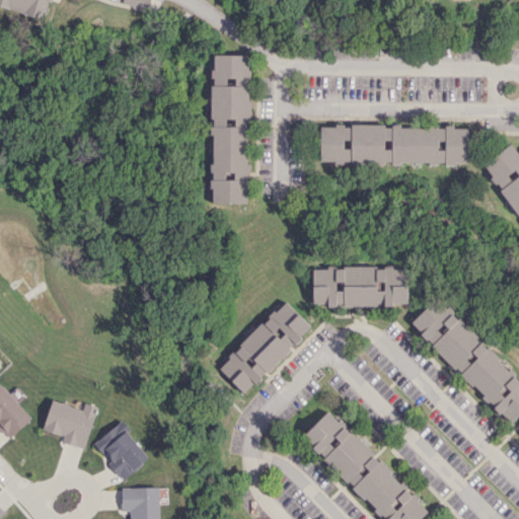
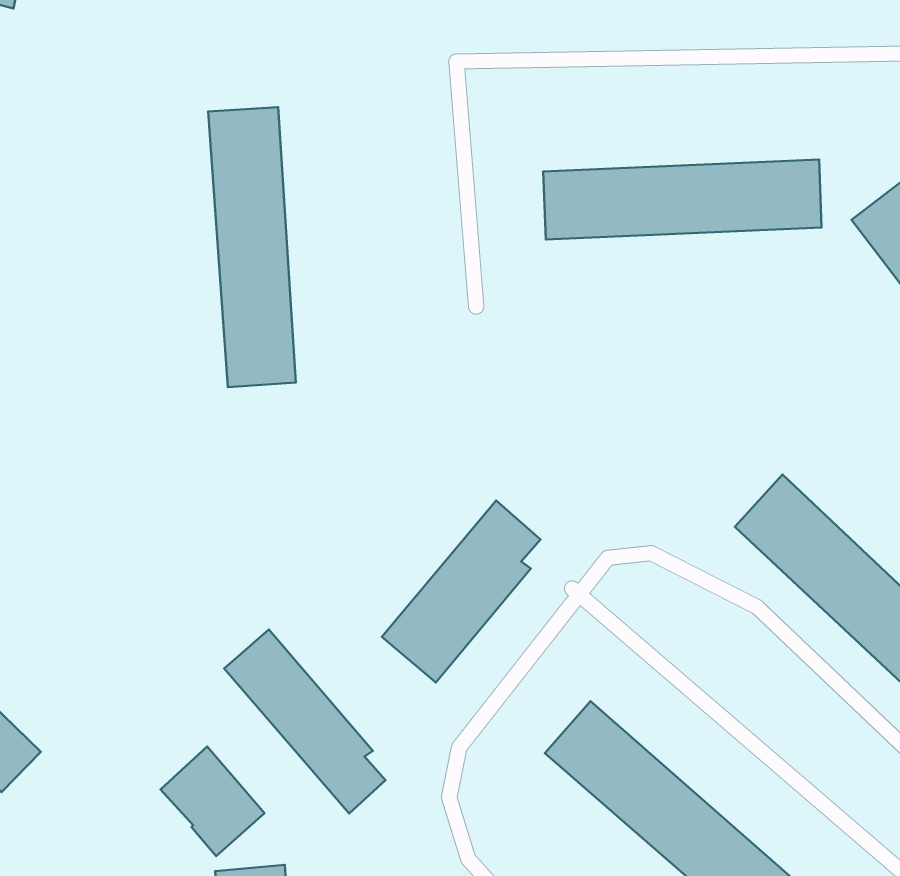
building: [211,56,248,204] -> [208,107,296,387]
building: [312,268,407,306] -> none
building: none -> [224,629,386,813]
building: [43,400,96,449] -> none

